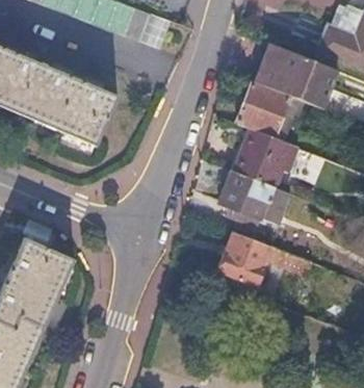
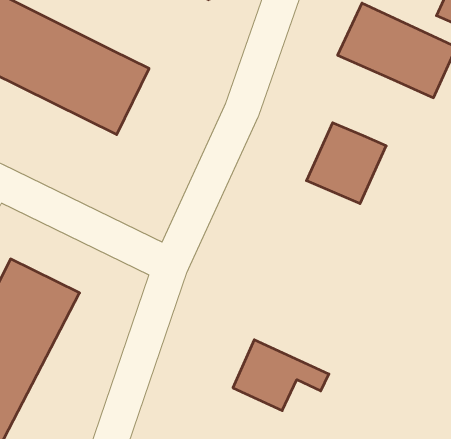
building: [235,81,290,138] -> none
building: [218,172,274,230] -> none
building: [219,234,288,284] -> [233,340,329,411]

